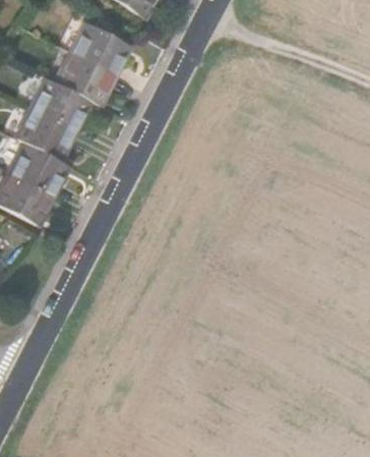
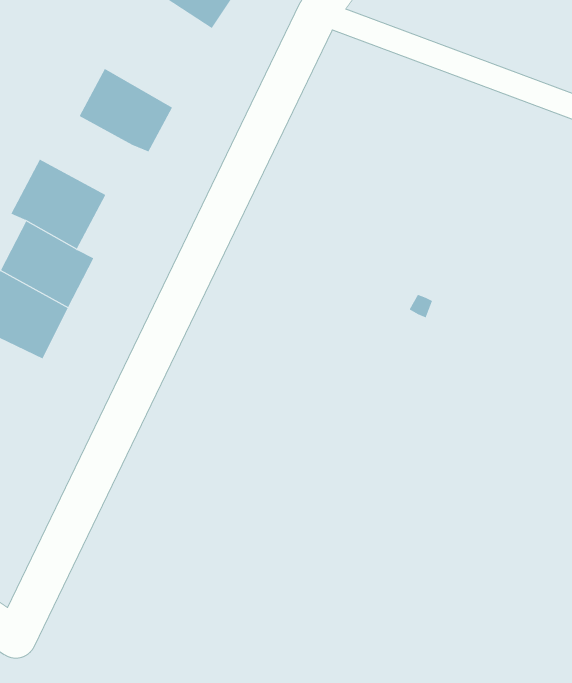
building: [72,20,128,72] -> none
building: [34,73,88,124] -> none

